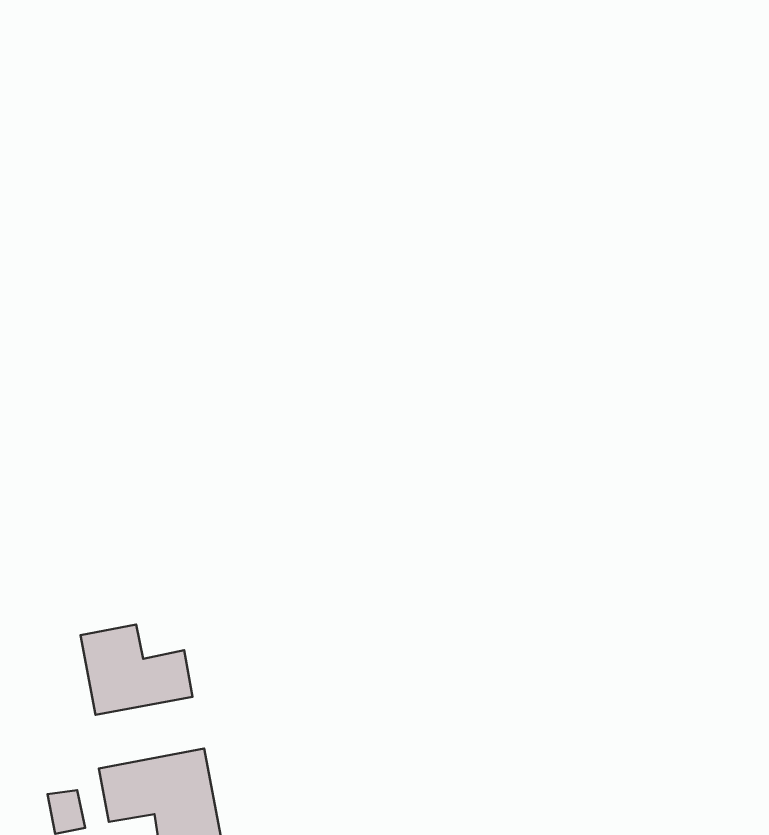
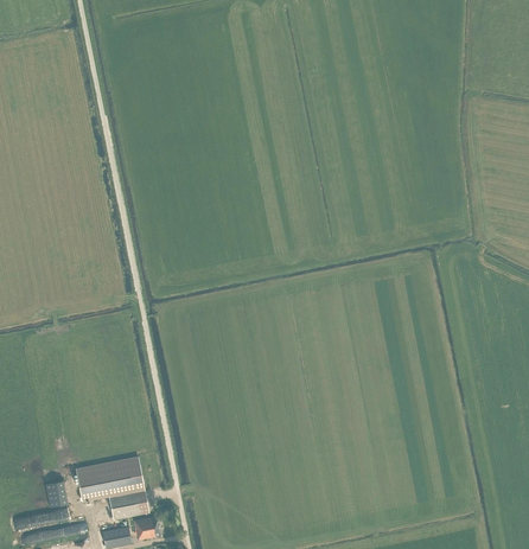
building: [80,625,193,715] -> none

